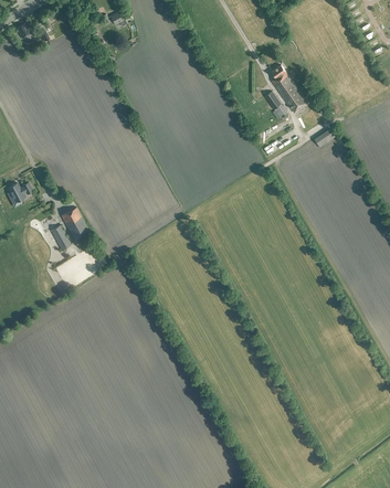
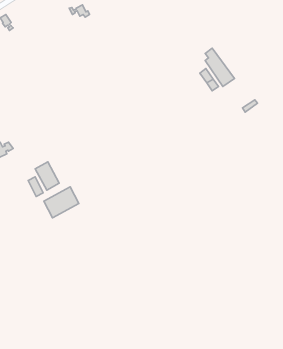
building: none -> [44,187,79,218]

